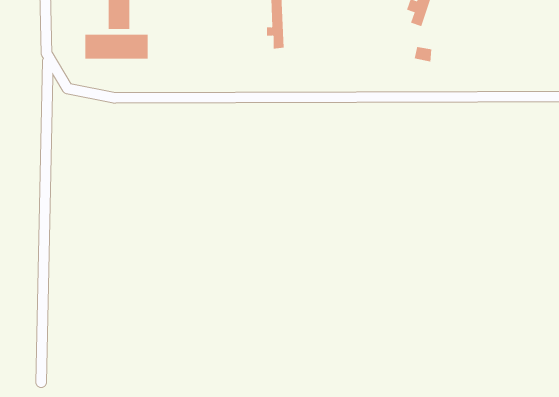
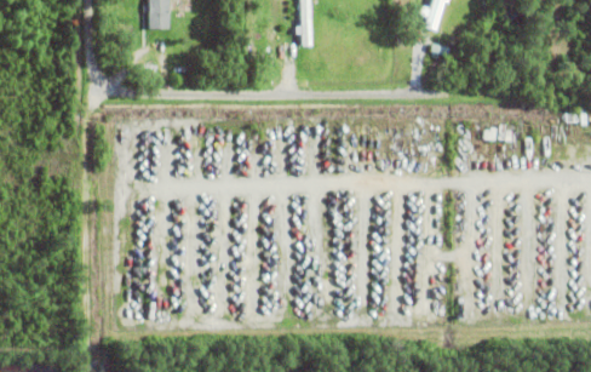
building: [85,34,148,60] -> none

